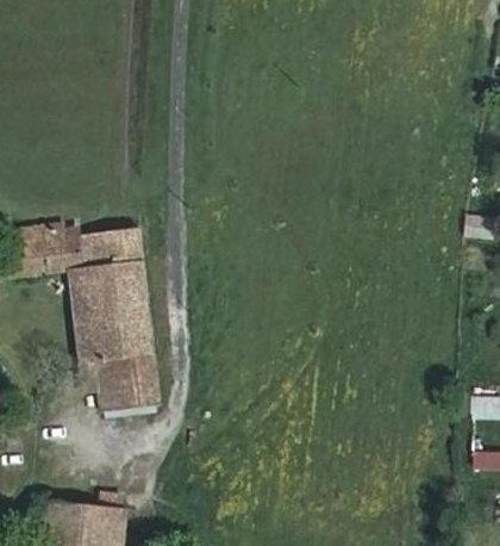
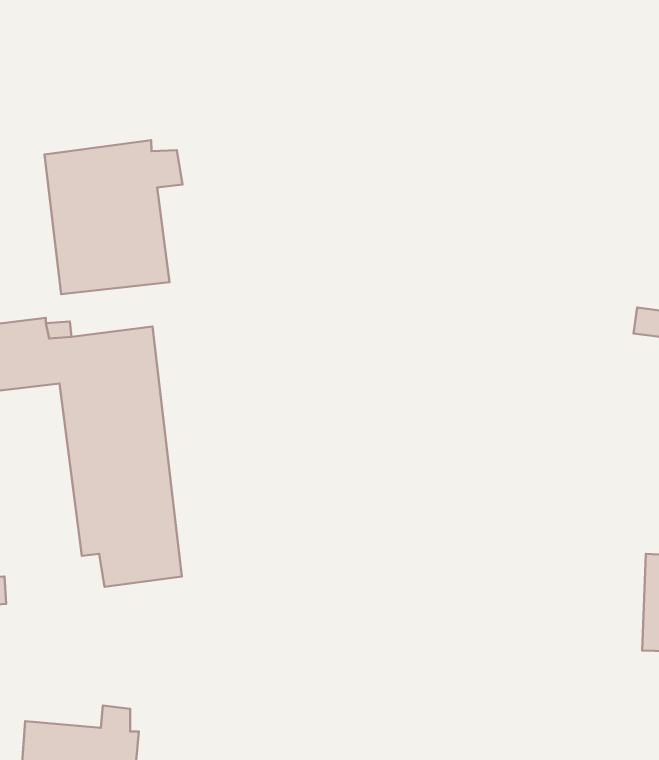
building: none -> [45,140,182,294]

